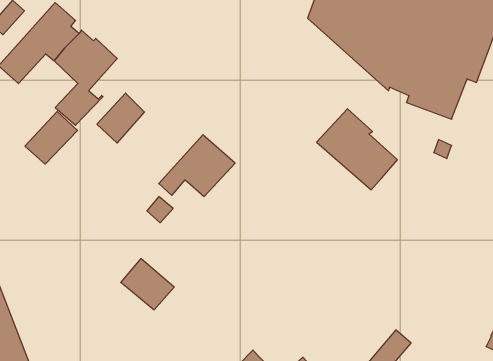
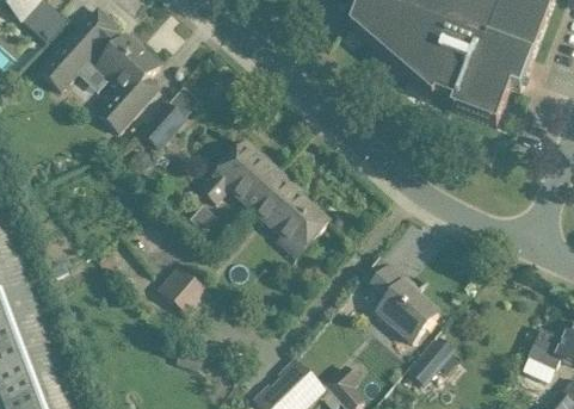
building: [317,109,397,190] -> [245,171,326,252]
building: [25,111,78,164] -> none
building: none -> [368,266,436,342]

